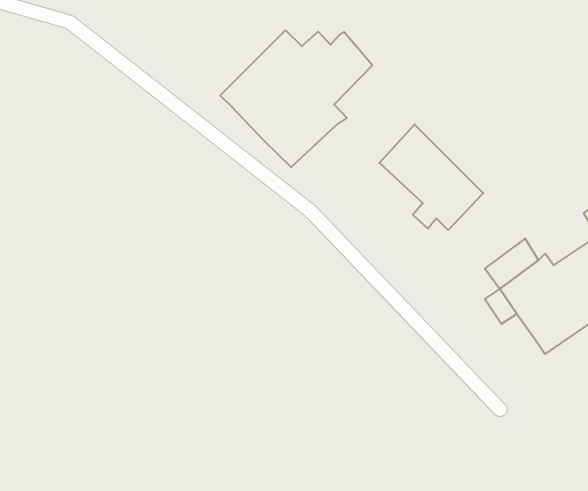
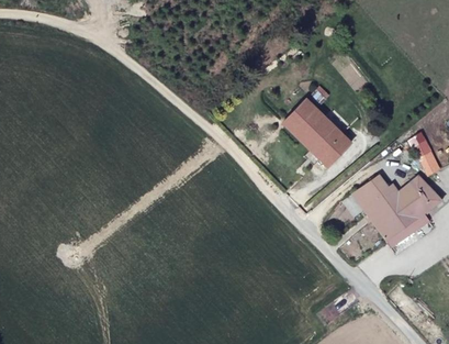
building: [220,30,372,167] -> none

